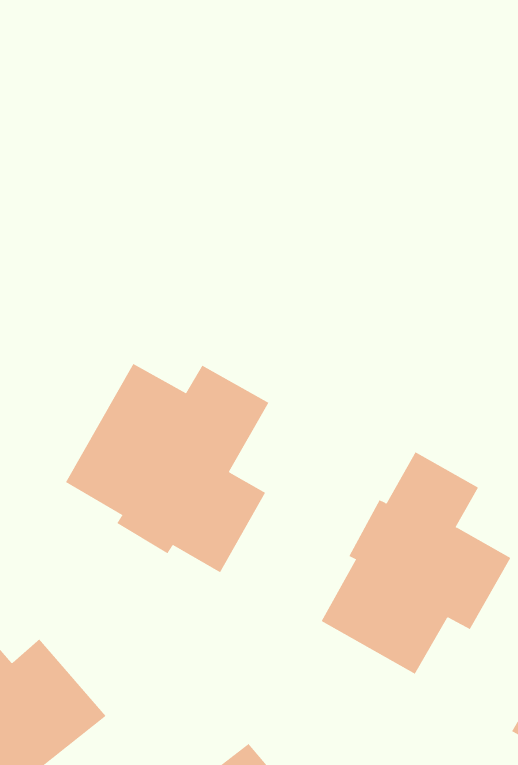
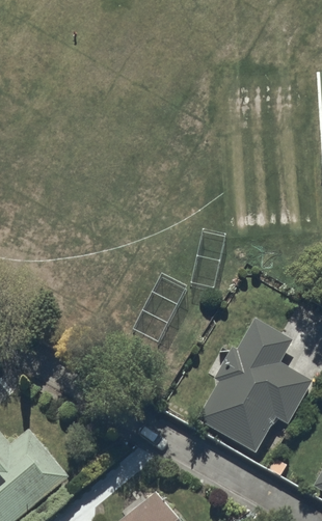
building: [65,363,269,573] -> none

